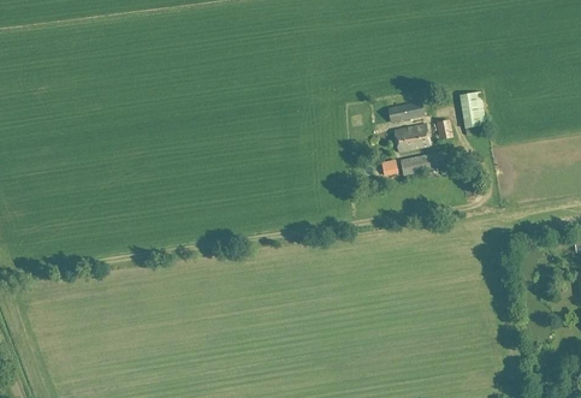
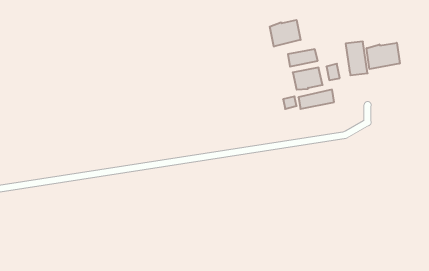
building: none -> [270,20,301,47]
building: none -> [367,43,400,69]

